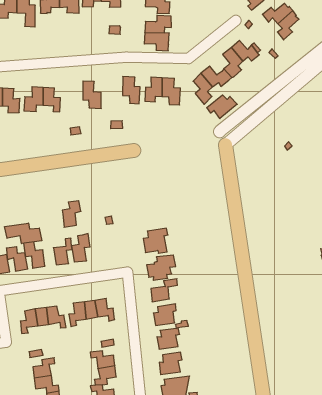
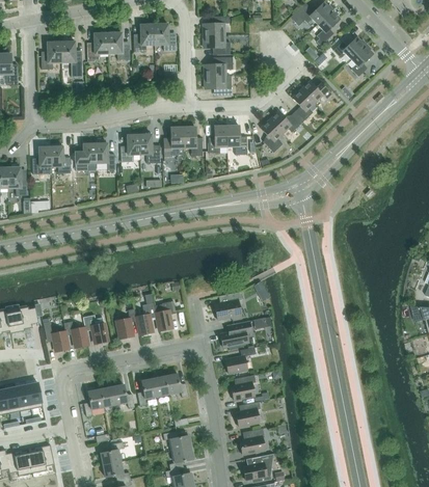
building: none -> [164,127,184,157]
building: none -> [120,134,140,162]
building: [207,95,237,119] -> none
building: [62,201,81,227] -> [156,301,177,331]
building: [5,223,42,244] -> none

